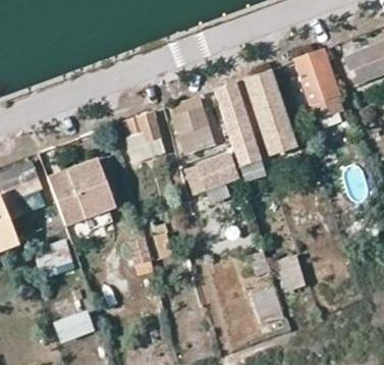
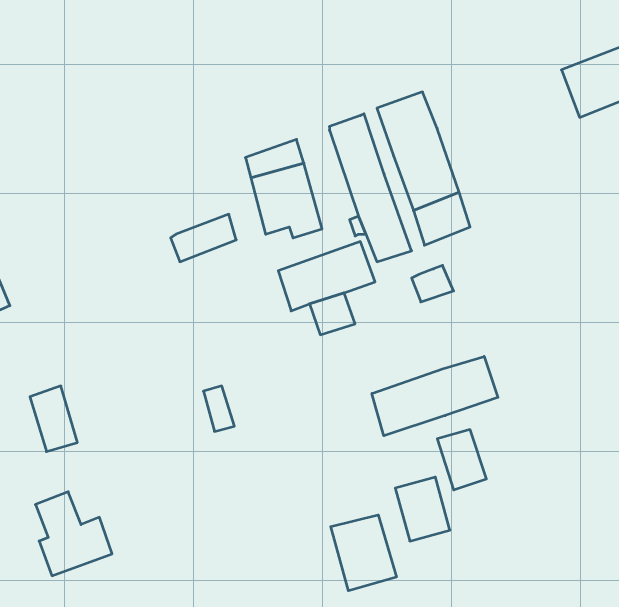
building: [295,50,342,118] -> none
building: [124,112,161,149] -> none
building: [50,160,117,231] -> none
building: none -> [372,356,498,436]
building: none -> [331,515,396,591]

